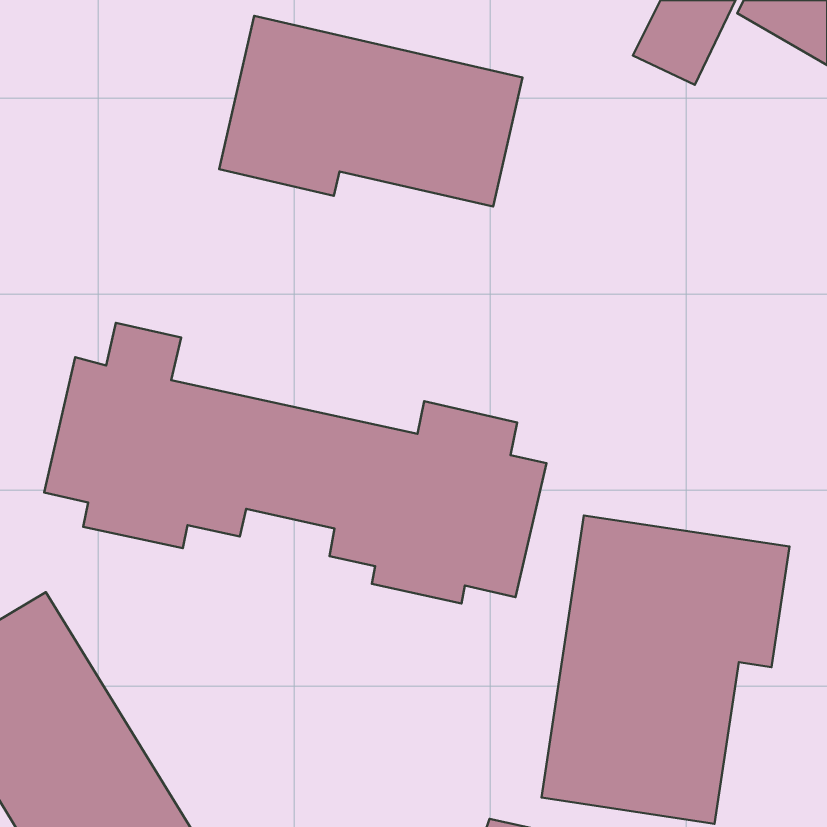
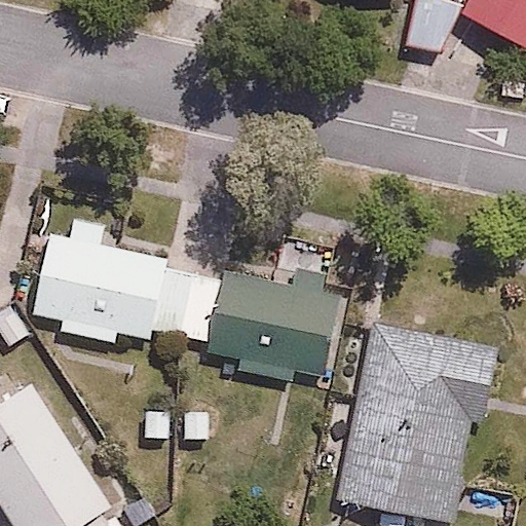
building: [219,16,523,206] -> none

